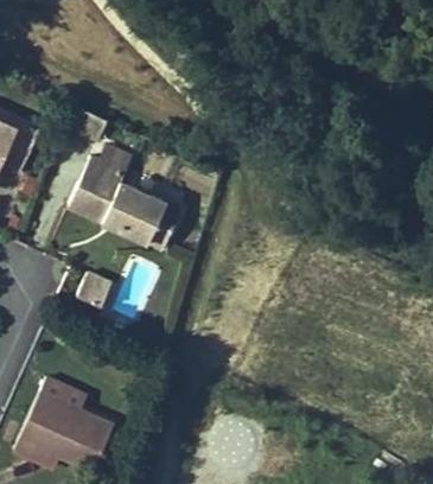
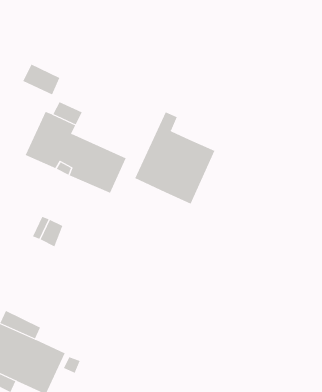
building: none -> [134,111,215,204]

